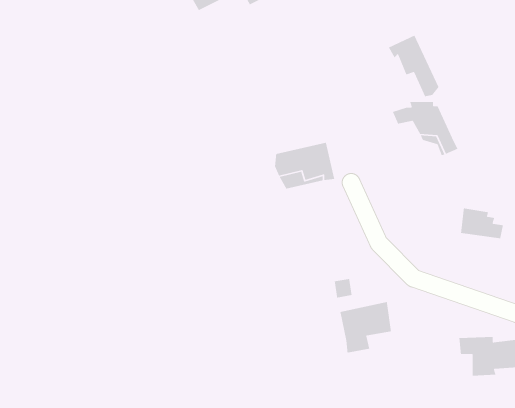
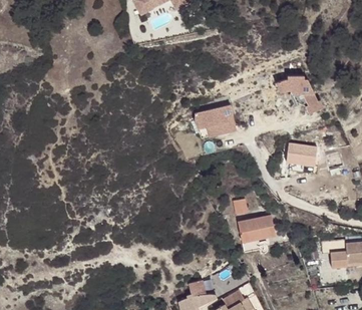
building: [388,35,440,97] -> none
building: [460,207,504,239] -> [286,145,316,168]

